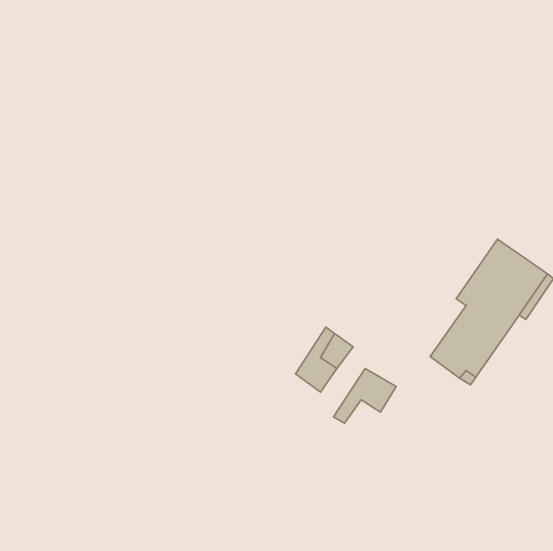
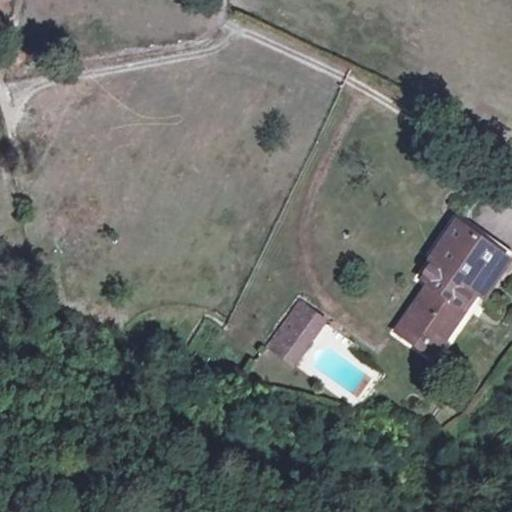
building: [333,368,396,423] -> none

